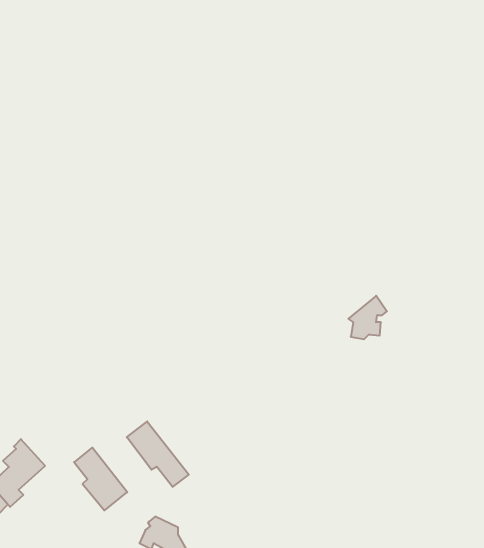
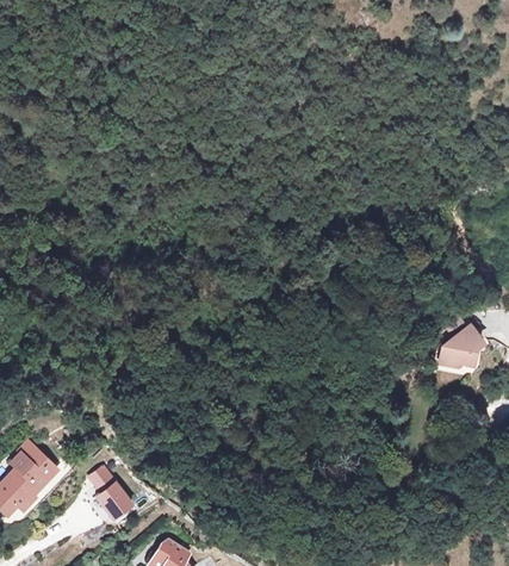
building: [348,296,387,339] -> [442,324,480,367]
building: [127,421,189,487] -> none

